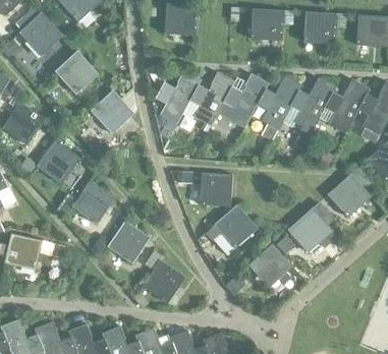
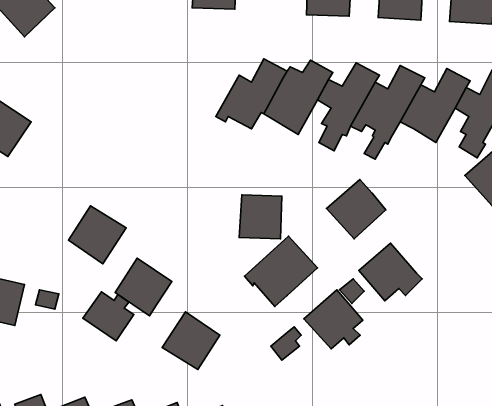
building: [55,50,98,94] -> none
building: [156,70,202,131] -> none
building: [90,90,134,134] -> none
building: [38,140,80,182] -> none
building: [327,173,371,217] -> [327,180,386,239]
building: none -> [83,292,134,341]

